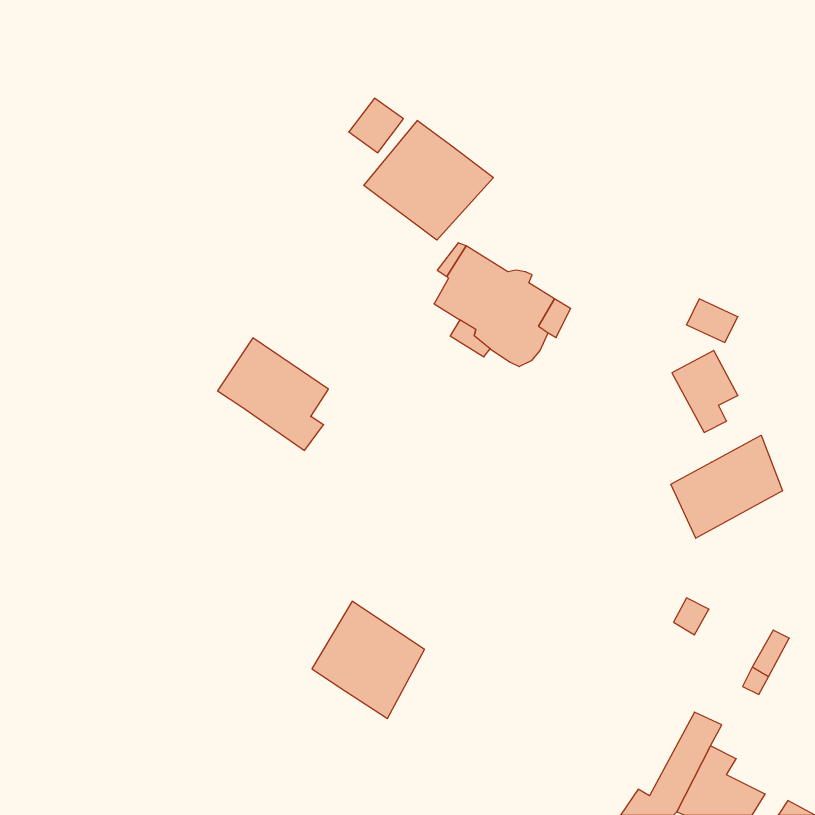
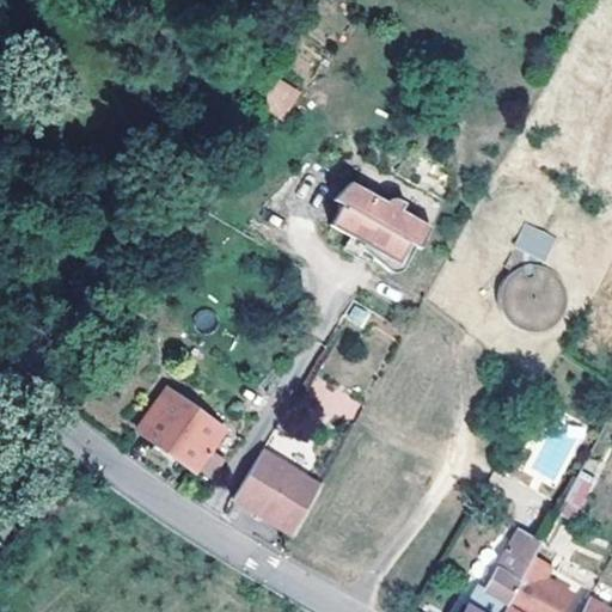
building: [364,120,493,240] -> none
building: [218,338,328,450] -> [143,388,226,472]
building: [671,435,782,538] -> none

